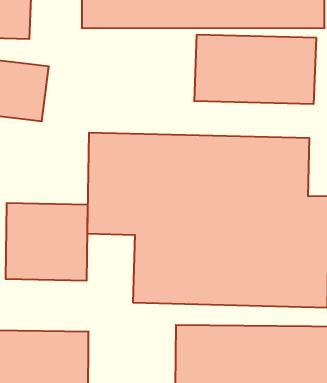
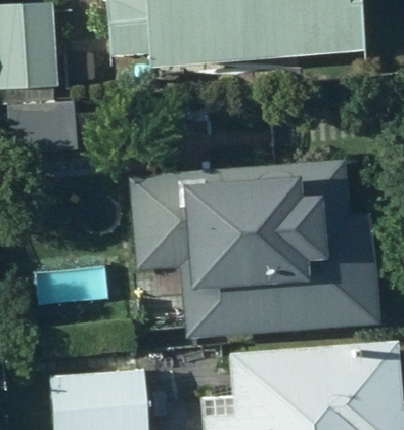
building: [194,35,316,104] -> none
building: [6,203,87,281] -> none

